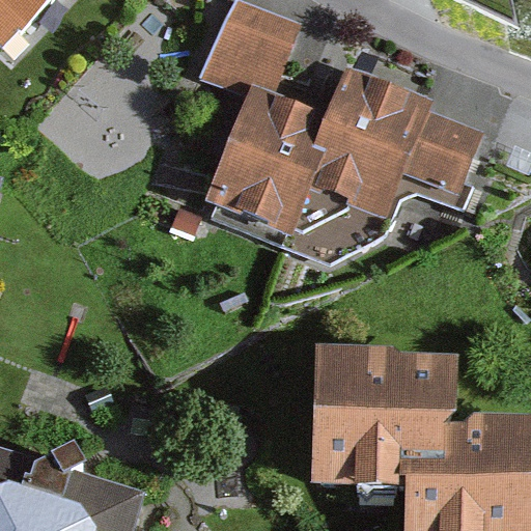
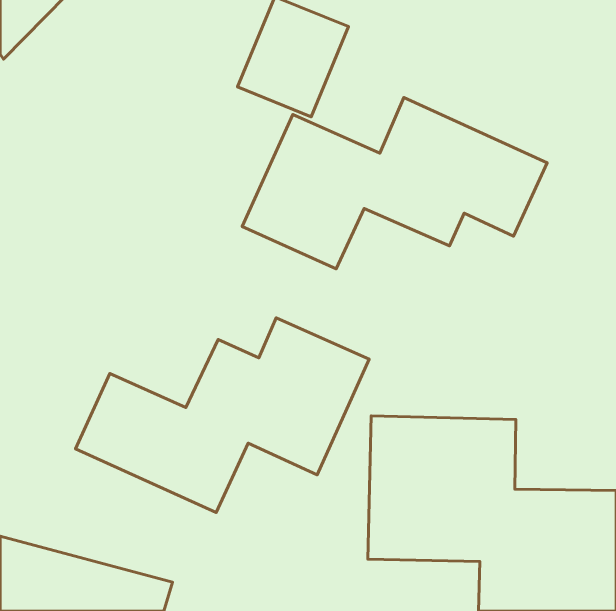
building: none -> [75,318,369,513]

